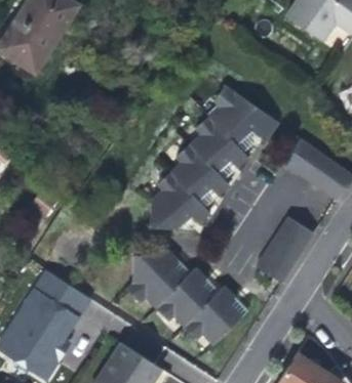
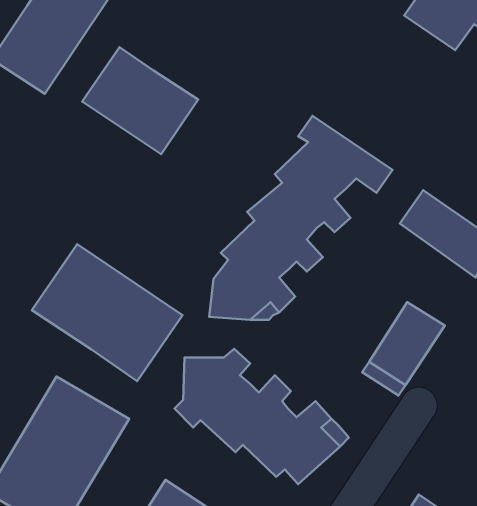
building: none -> [82,47,198,154]
building: none -> [32,244,182,381]

